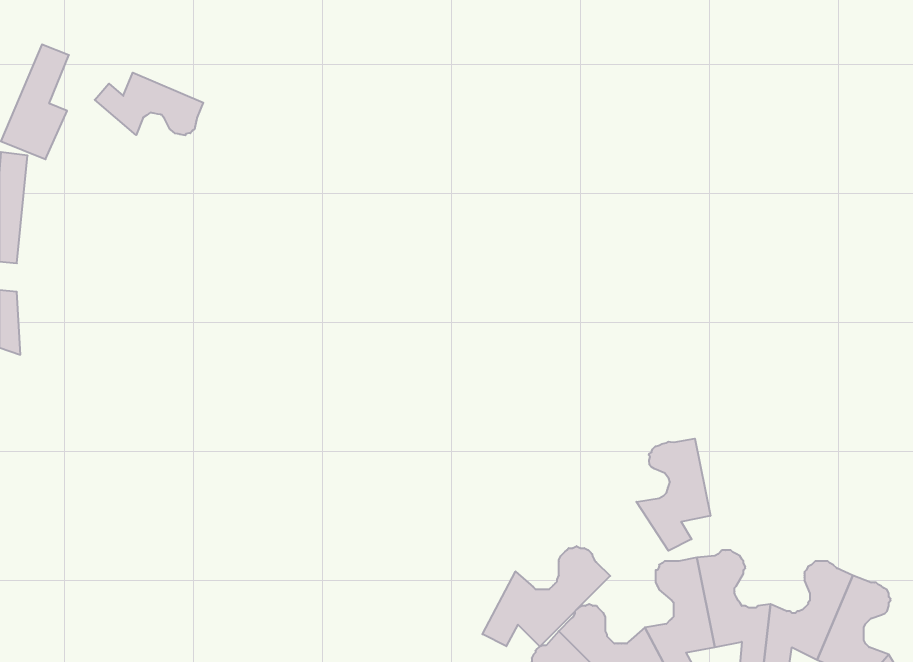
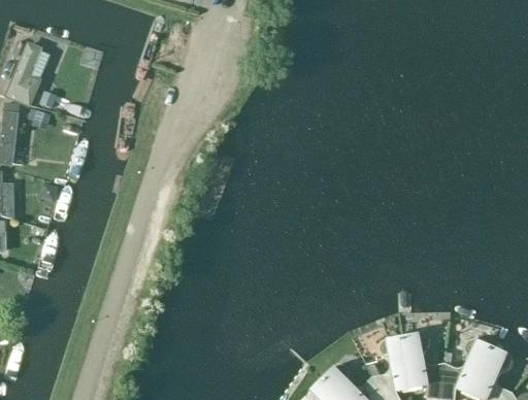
building: [95,73,203,135] -> none
building: [636,439,710,551] -> none
building: [482,546,610,646] -> none

